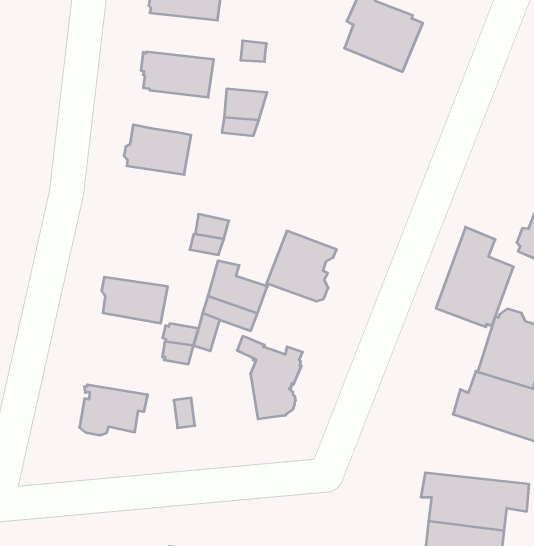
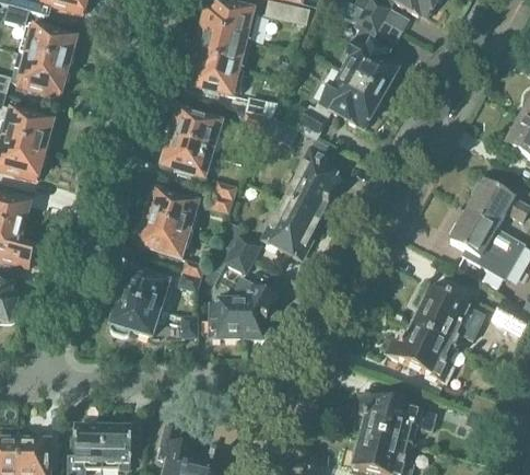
building: none -> [196,28,251,69]
building: none -> [298,70,382,131]
building: none -> [163,139,212,177]
building: [436,227,514,327] -> [282,146,343,221]
building: none -> [143,190,198,232]
building: none -> [119,268,173,310]
building: none -> [212,291,247,338]

